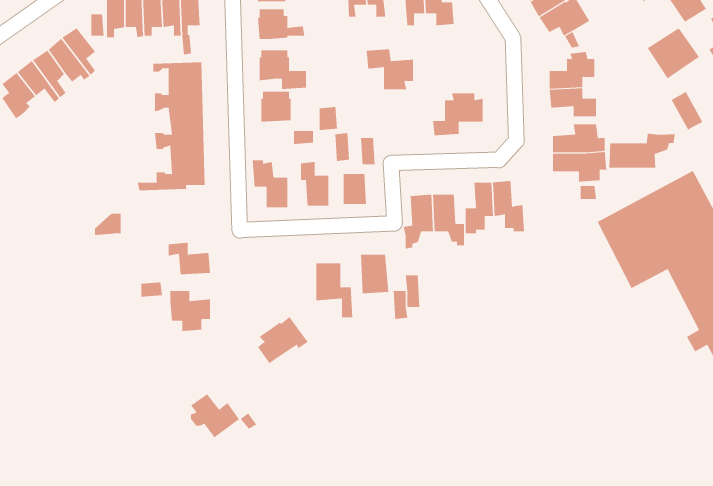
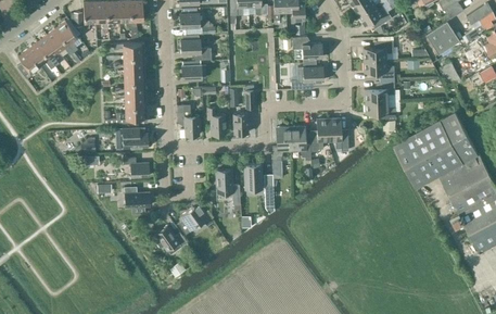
building: [366,49,414,90] -> [291,37,321,63]
building: [609,133,675,169] -> none
building: none -> [116,128,148,149]
building: [190,393,240,438] -> [156,227,188,255]

